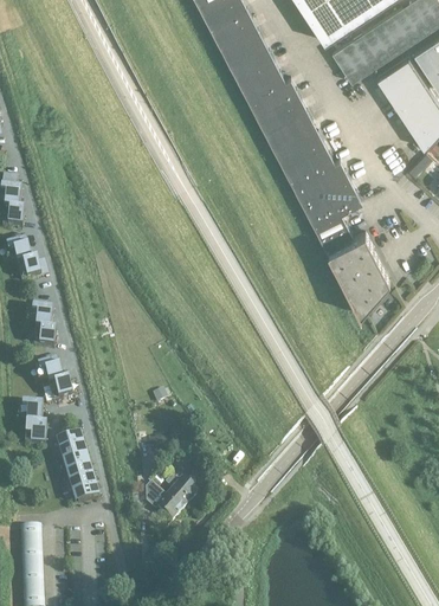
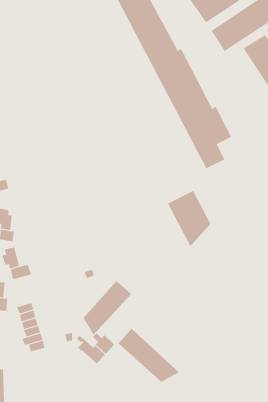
building: [327,231,388,311] -> [167,190,211,247]
building: none -> [83,280,132,335]
building: none -> [118,328,180,383]

